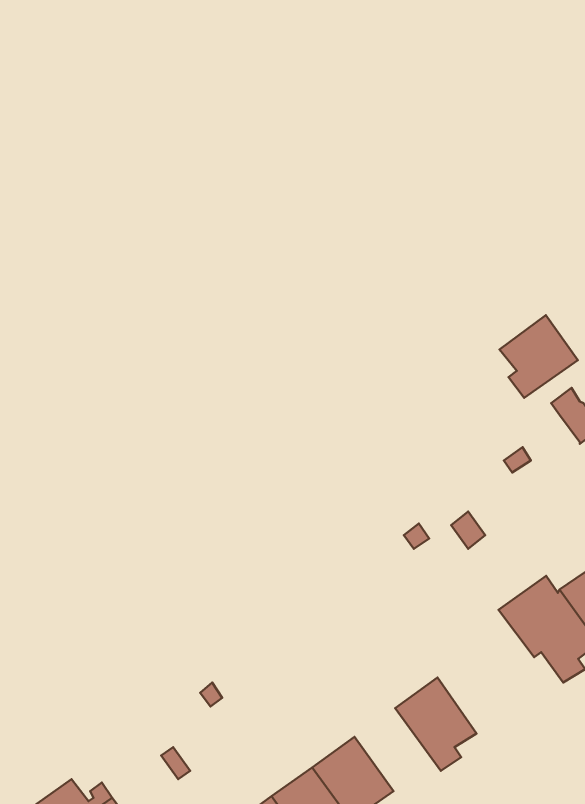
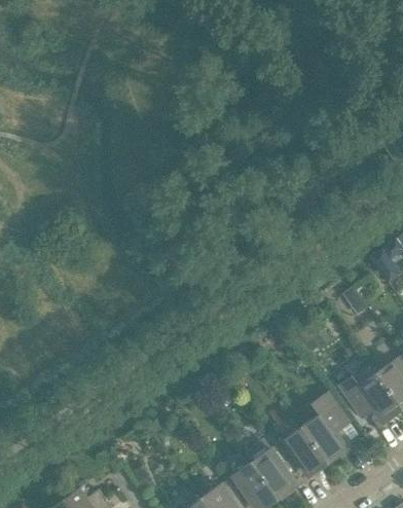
building: [500,315,578,398] -> none
building: none -> [301,392,354,460]
building: none -> [250,439,303,495]

